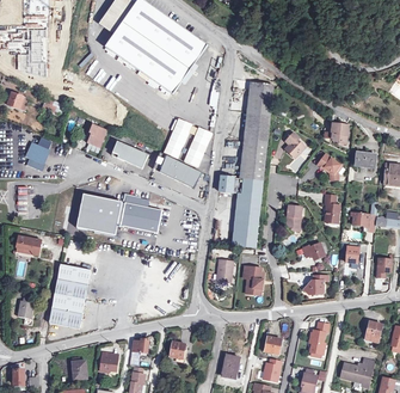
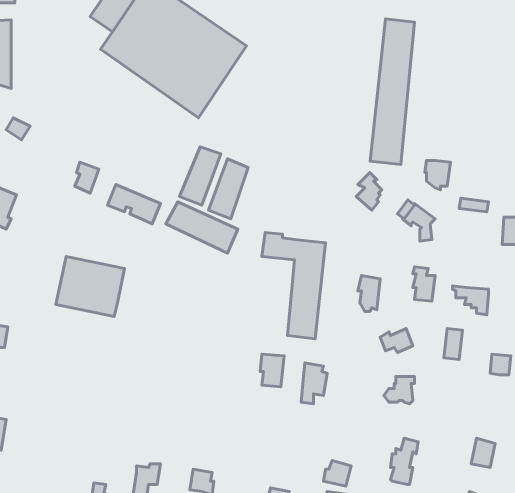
building: [242,81,273,183] -> [370,19,415,165]
building: [119,195,161,231] -> none
building: [51,265,91,330] -> none

